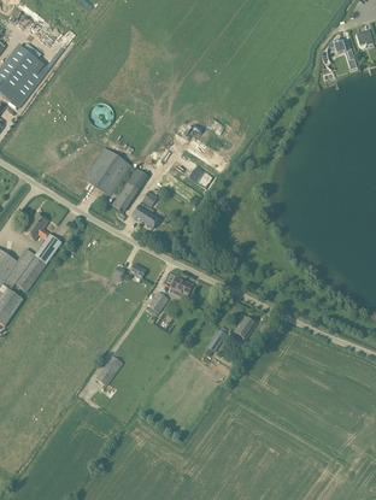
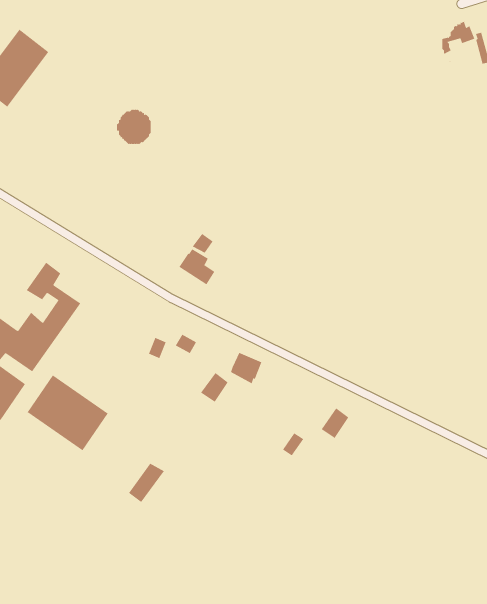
building: [83,146,139,211] -> none
building: none -> [27,374,109,451]

